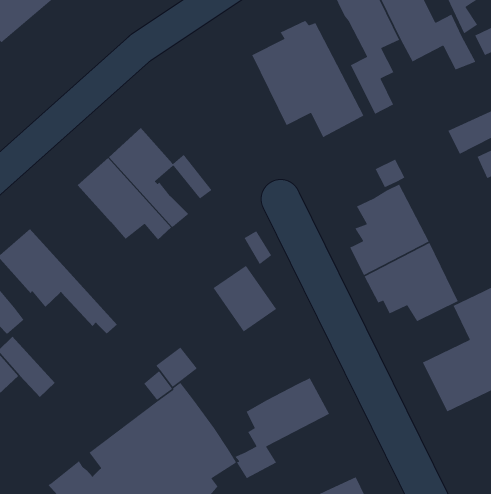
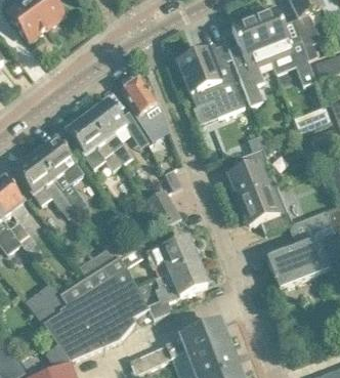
building: none -> [121,76,170,141]
building: none -> [36,137,88,217]
building: none -> [147,236,198,270]

